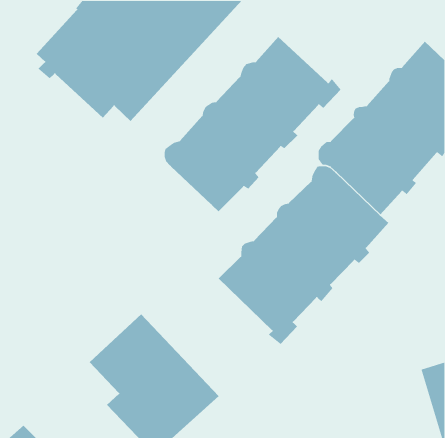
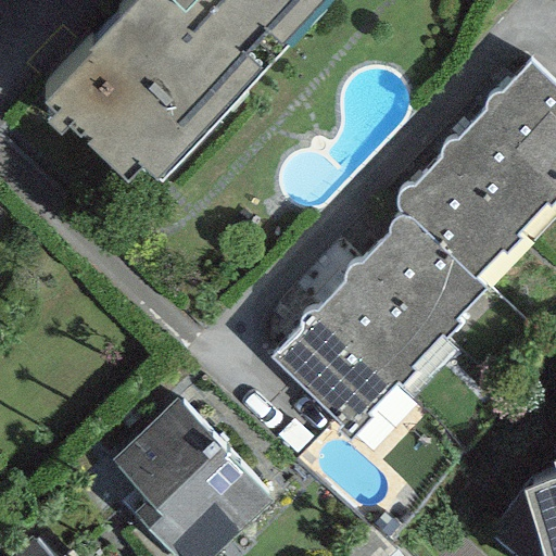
building: [164,36,342,212] -> none

